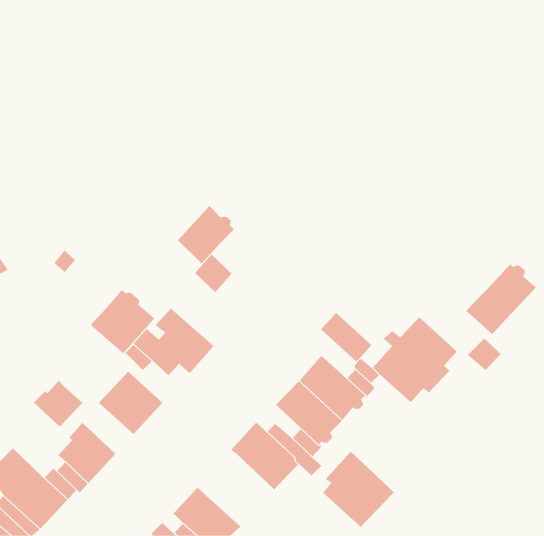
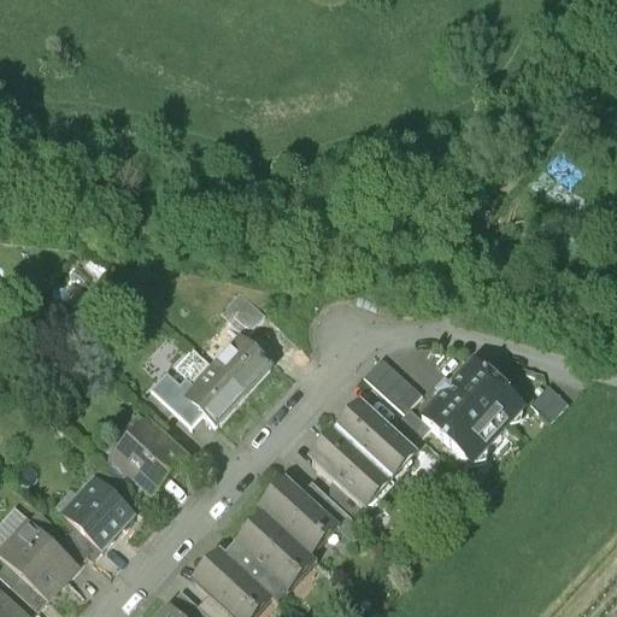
building: [177,205,235,264] -> none
building: [466,263,537,335] -> none
building: [90,289,155,354] -> none
building: none -> [211,334,270,392]
building: [33,380,83,427] -> none
building: [322,451,395,528] -> [234,513,316,600]

